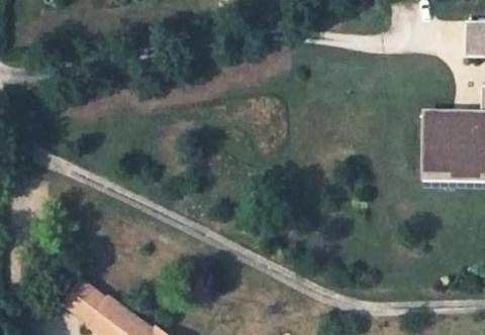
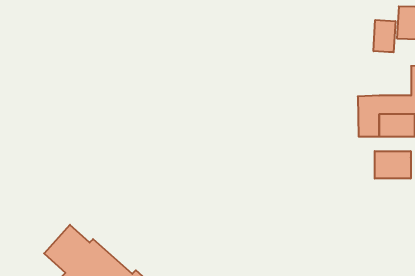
building: none -> [374,20,395,52]
building: none -> [375,151,411,179]

